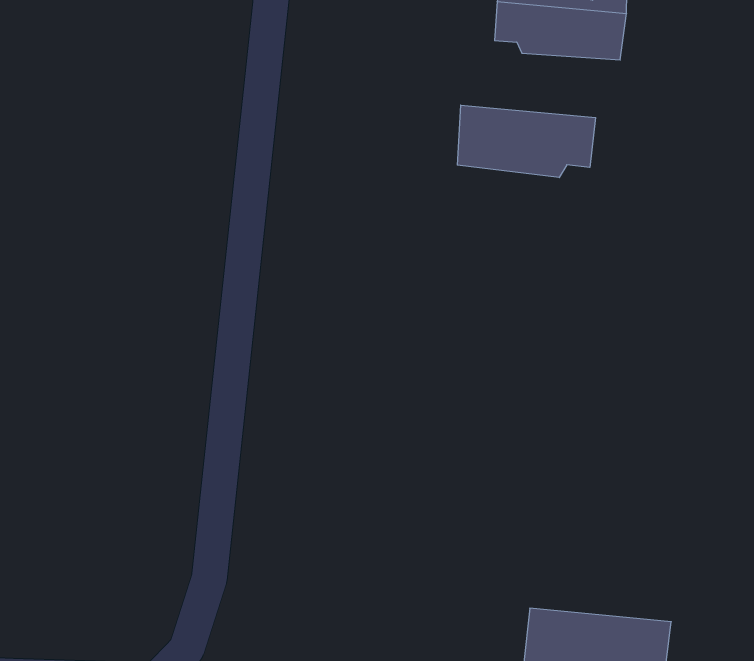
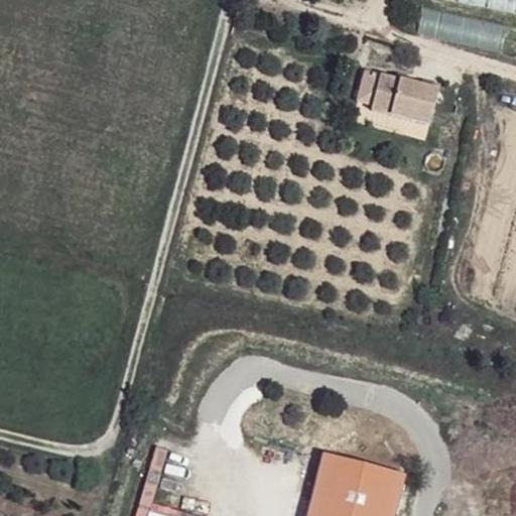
building: [457,105,596,178] -> none

